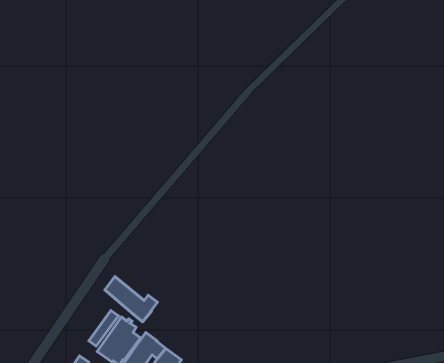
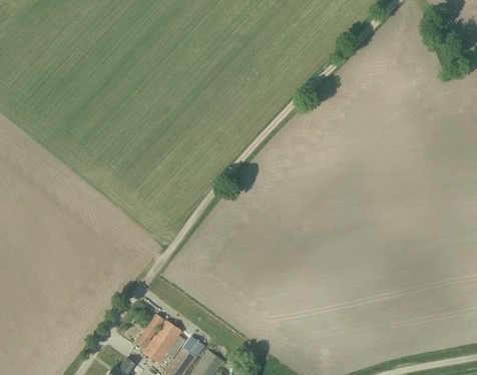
building: [105,277,158,322] -> none

